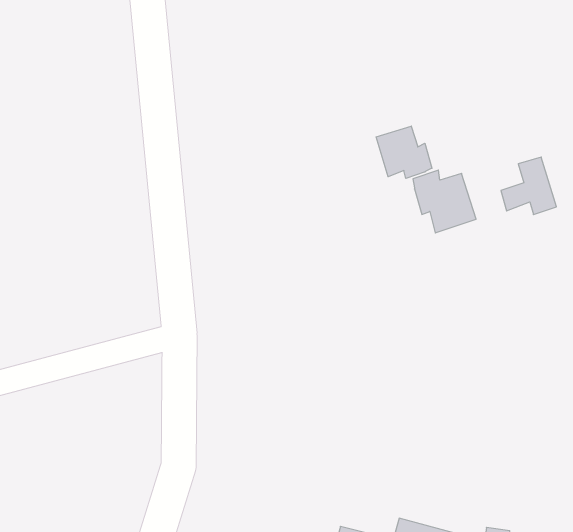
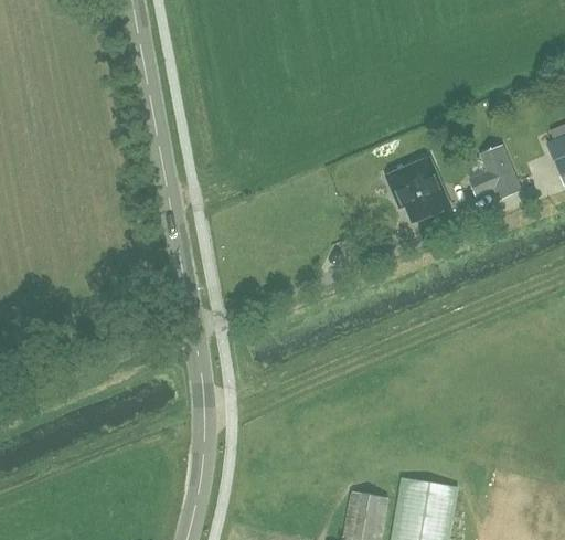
building: [376,126,432,178] -> none

